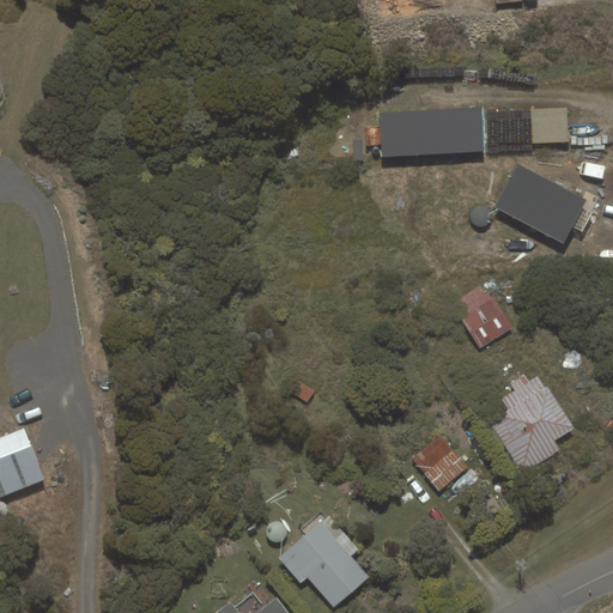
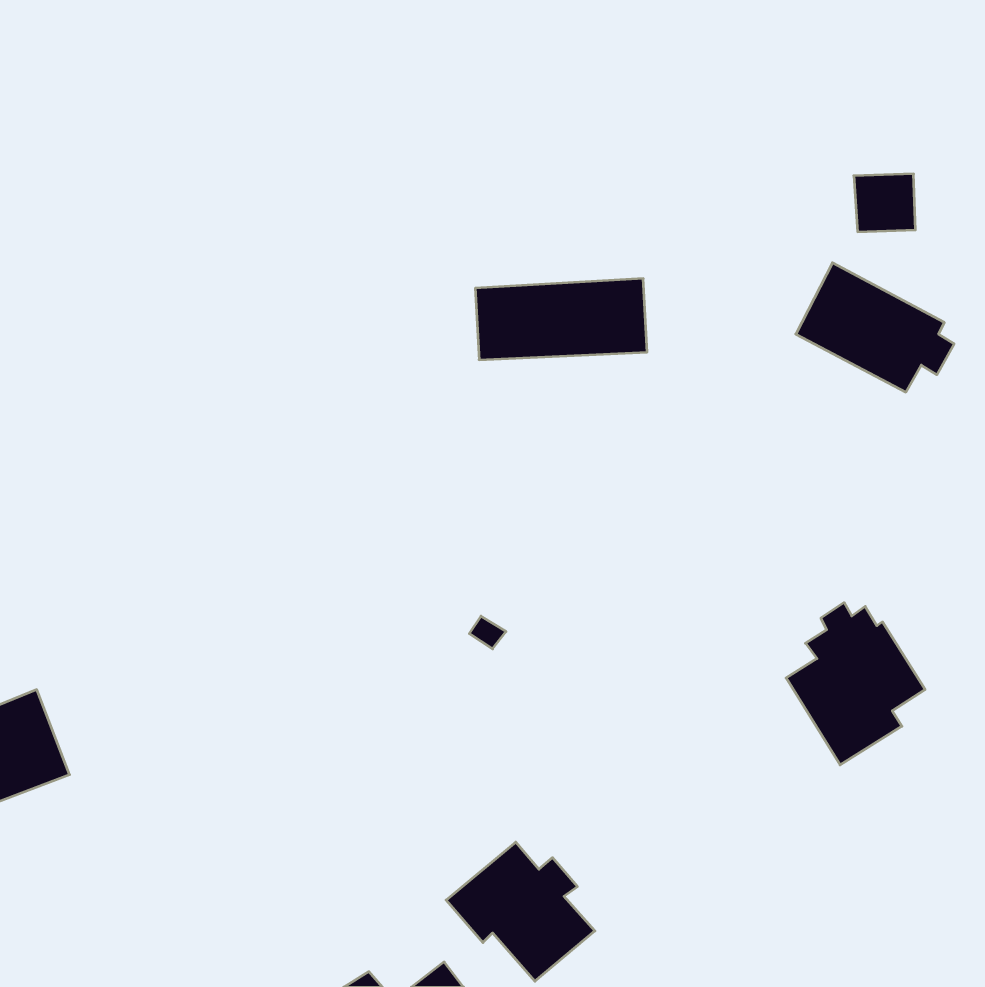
building: [378,107,485,157] -> [475,279,647,360]
building: [450,285,511,347] -> none
building: [411,433,467,491] -> none

